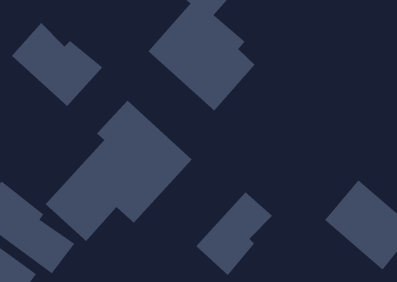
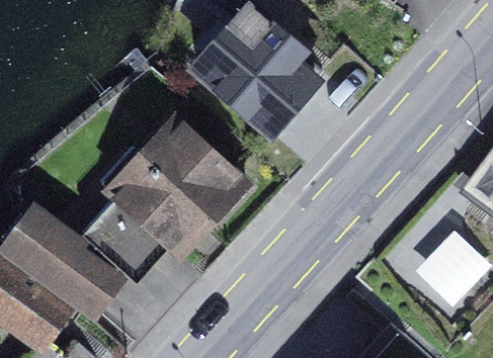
building: [11,22,103,107] -> none
building: [196,191,273,276] -> none

